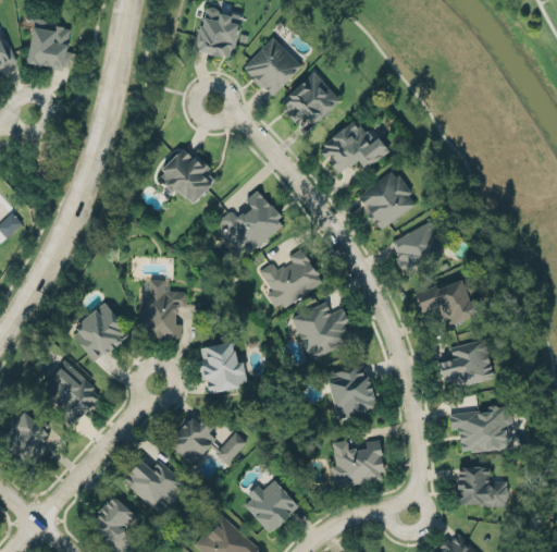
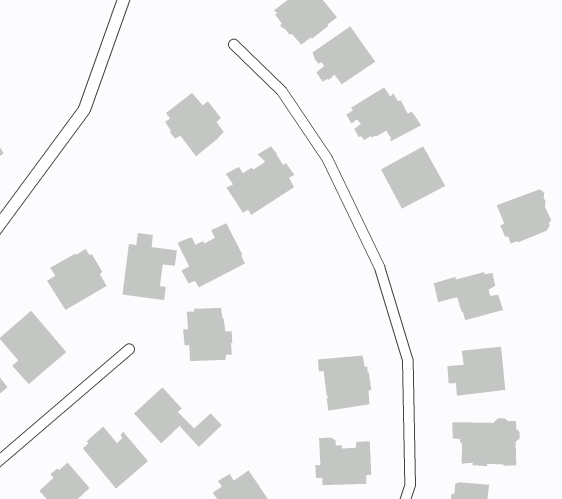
building: [392,221,444,274] -> [496,189,553,245]
building: [260,246,324,308] -> [176,222,246,288]
building: [292,304,351,360] -> none

